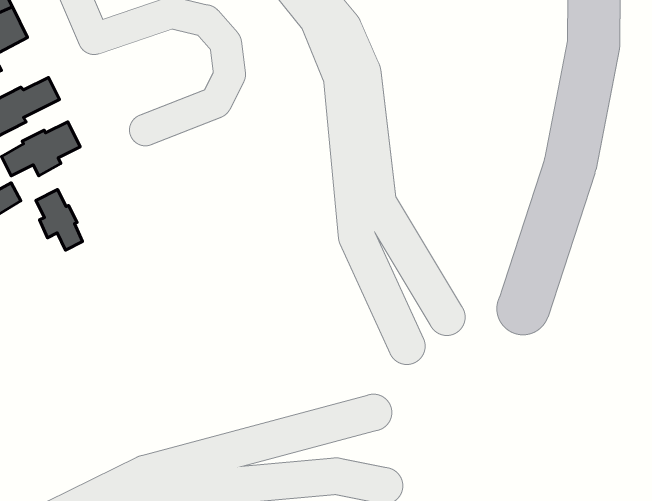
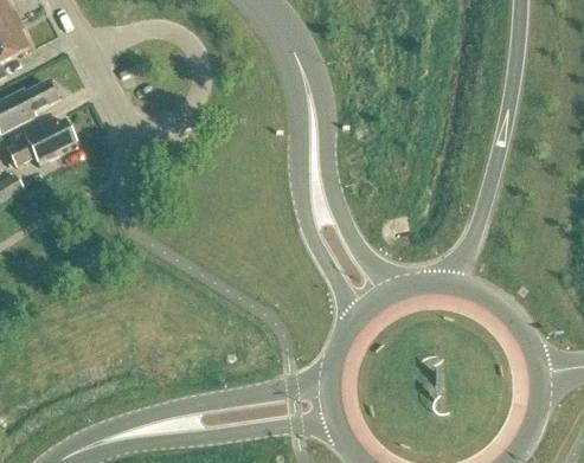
building: [36,190,82,250] -> none

